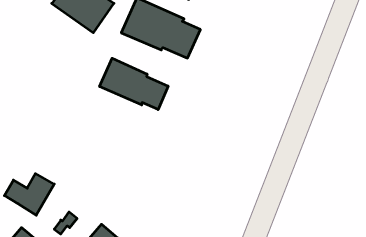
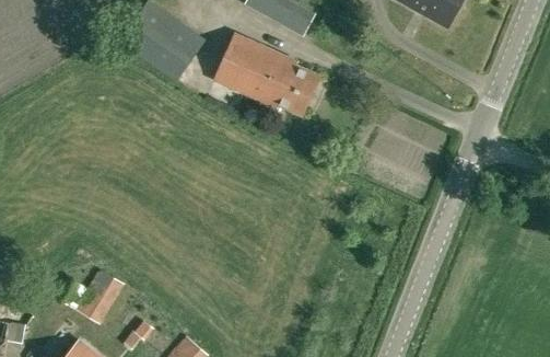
building: [100,58,168,110] -> none

